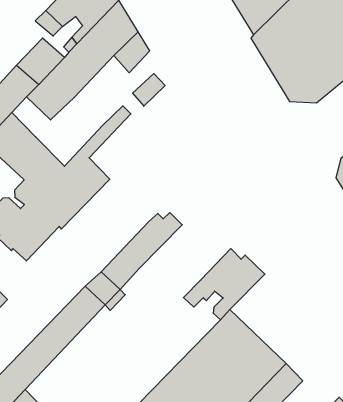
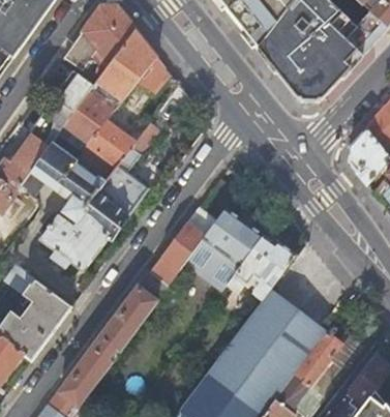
building: none -> [78,119,136,181]
building: none -> [184,207,263,291]

